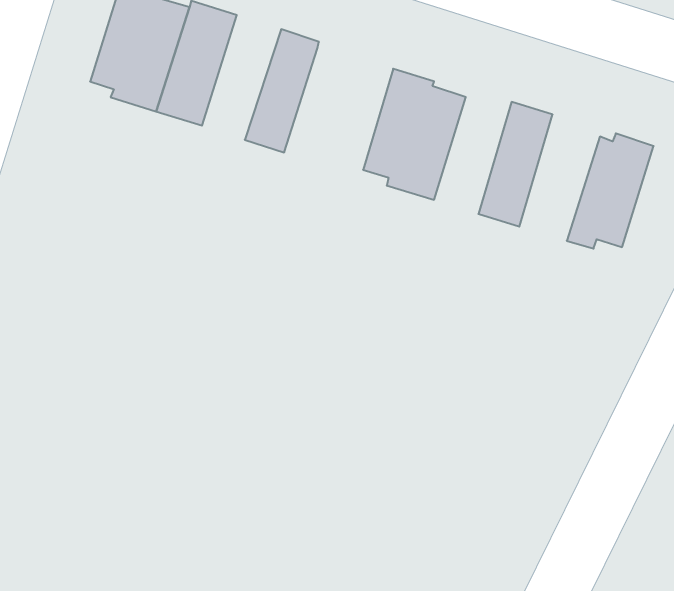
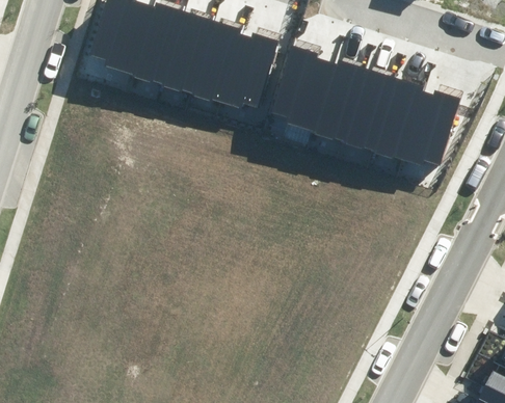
building: none -> [162,12,214,95]
building: none -> [216,33,277,110]
building: none -> [315,61,366,143]
building: none -> [371,78,425,161]

